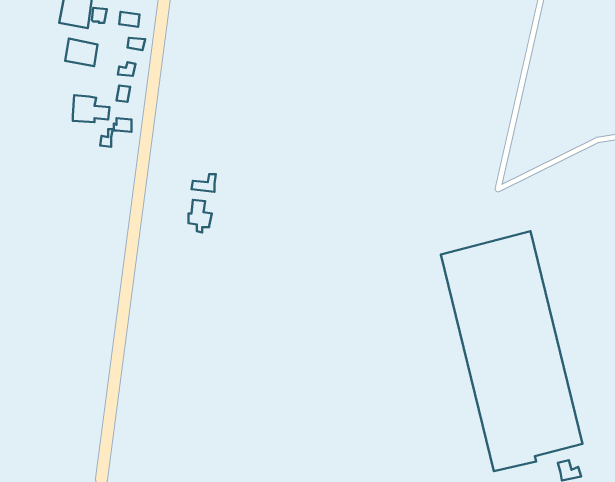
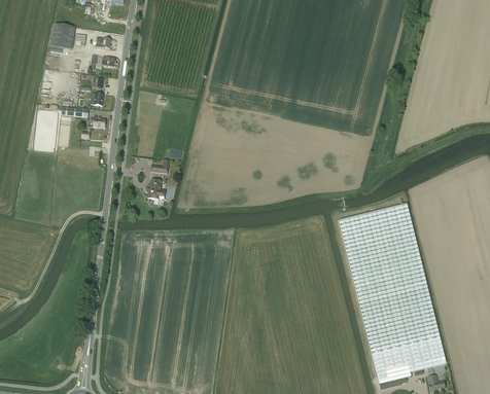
building: [65,38,98,66] -> none

